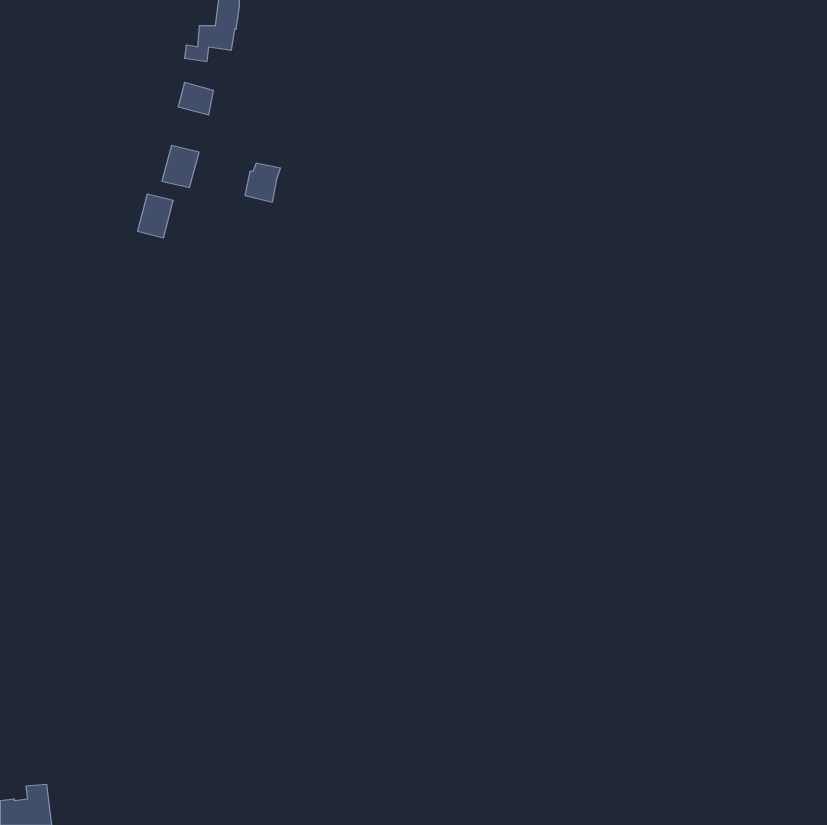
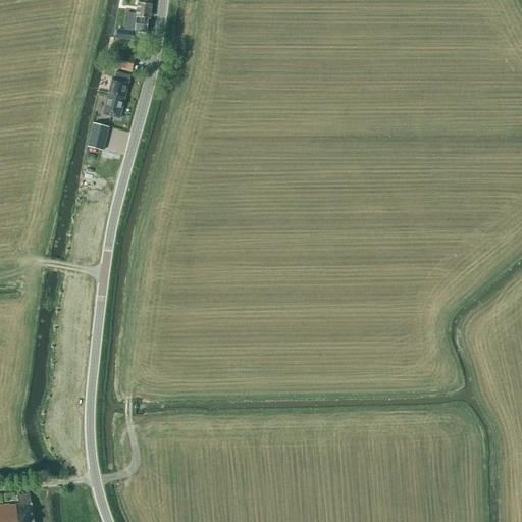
building: [245,163,280,202] -> [108,71,130,96]

